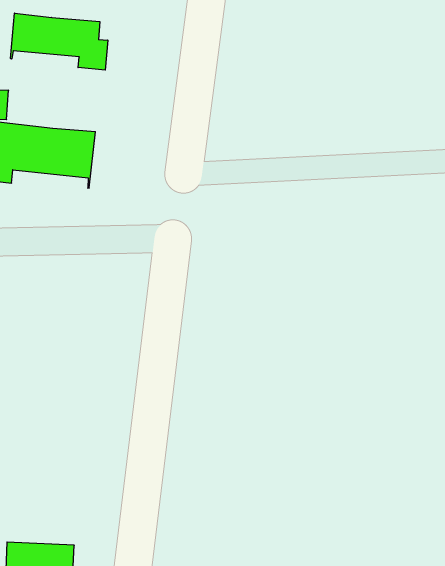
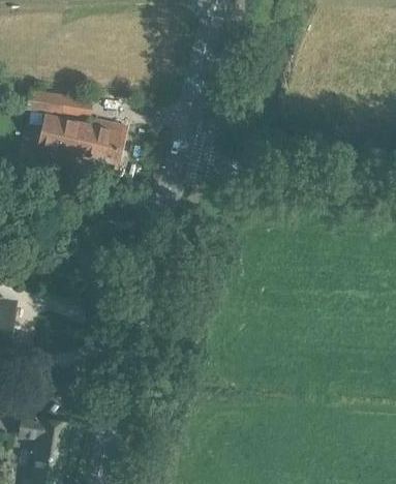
building: [11,13,108,70] -> none

